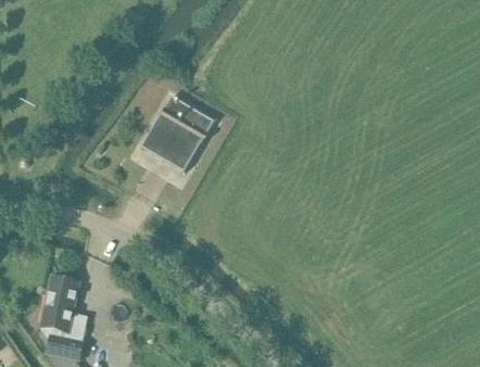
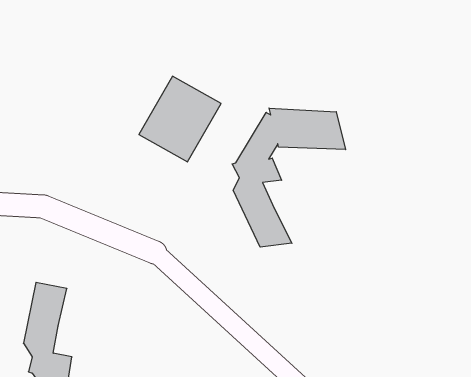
building: none -> [232,108,346,247]

